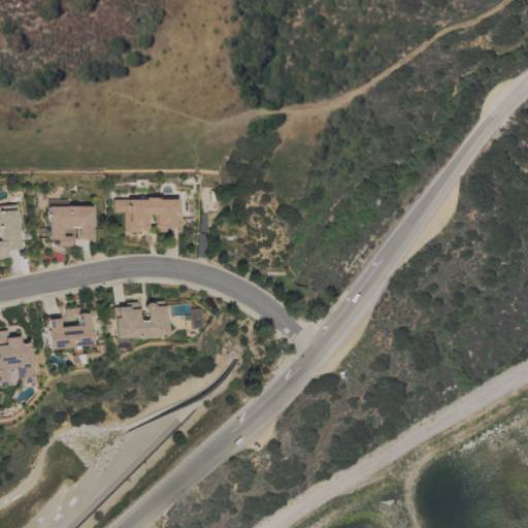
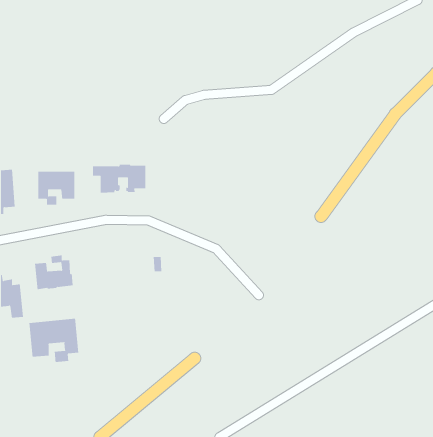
building: [112,301,167,339] -> none
building: none -> [29,318,79,363]

